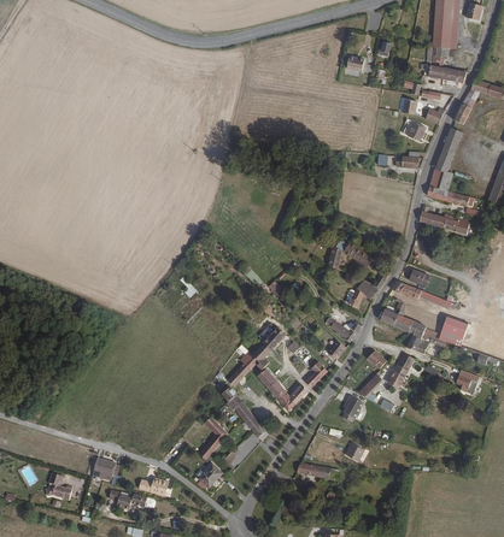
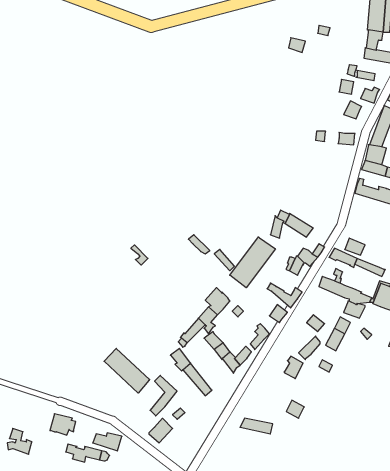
building: none -> [230,237,275,288]
building: none -> [104,348,150,393]

